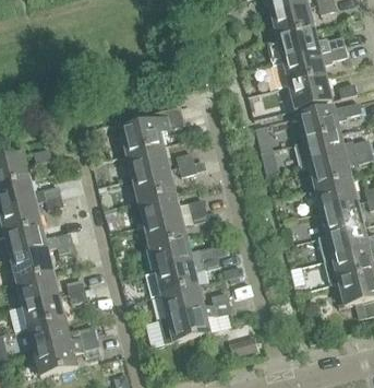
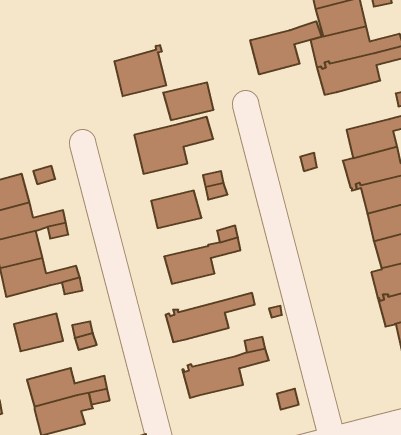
building: none -> [250,21,321,74]
building: none -> [115,45,166,96]
building: [289,75,331,109] -> none
building: [126,145,169,177] -> [163,82,214,120]
building: [138,191,181,224] -> none
building: [150,238,218,271] -> none
building: [11,248,53,281] -> none
building: [161,284,204,317] -> none
building: [23,295,65,328] -> none

